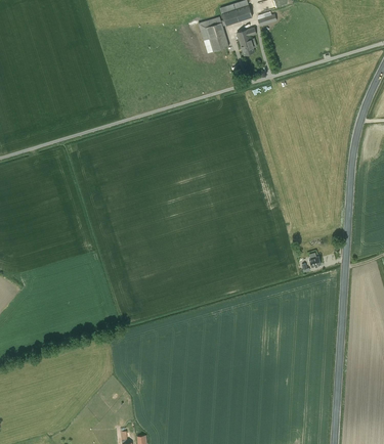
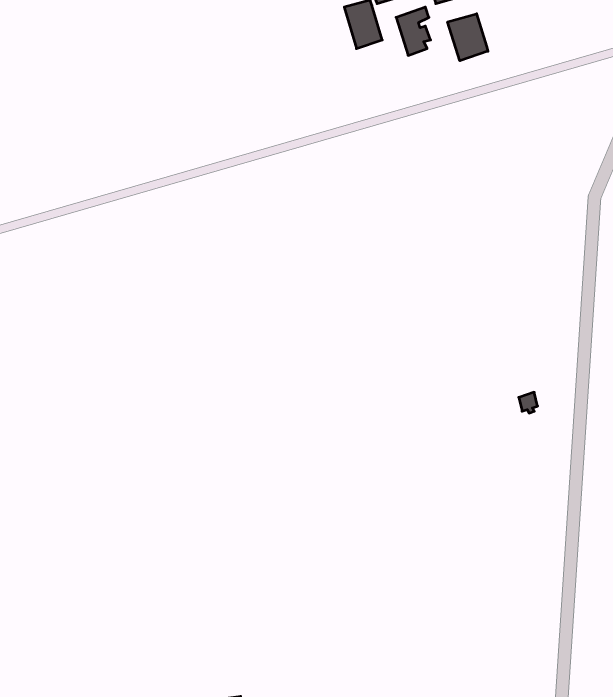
building: none -> [448,14,488,61]

